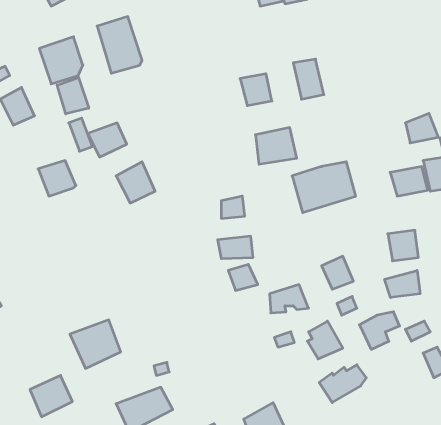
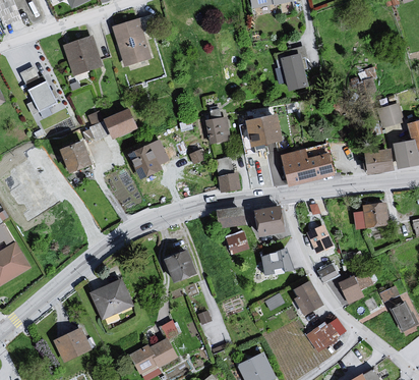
building: [240,74,272,106] -> [203,116,231,144]
building: [57,78,89,114] -> none
building: none -> [255,207,287,237]
building: [385,270,420,298] -> none
building: none -> [164,252,195,282]

